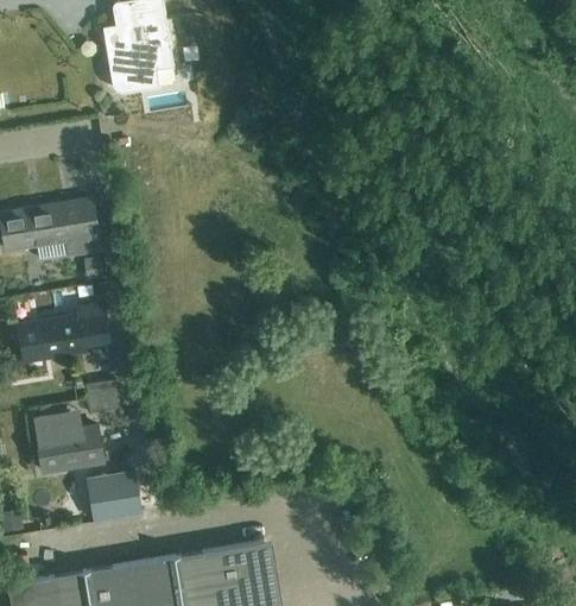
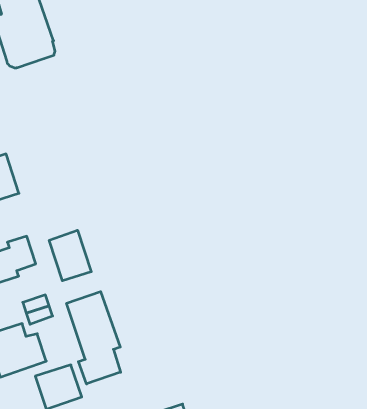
building: none -> [49,230,91,281]
building: none -> [67,292,121,384]

